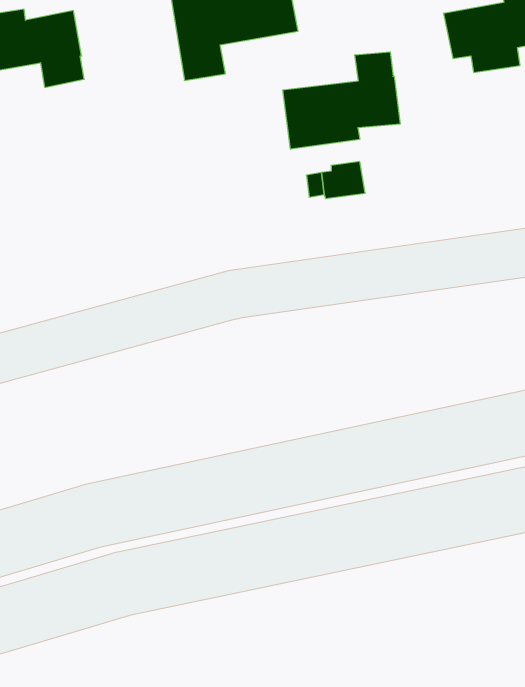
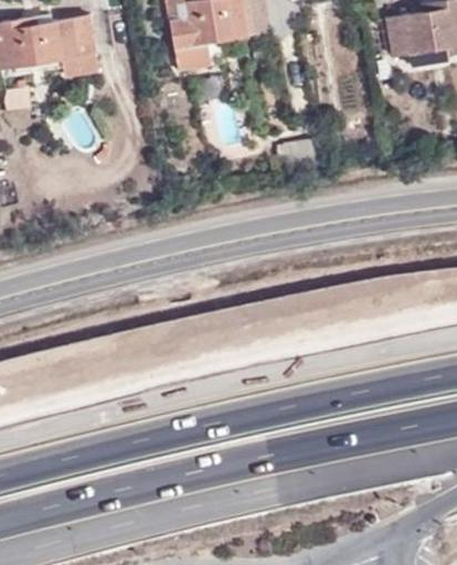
building: [283,52,400,149] -> none

